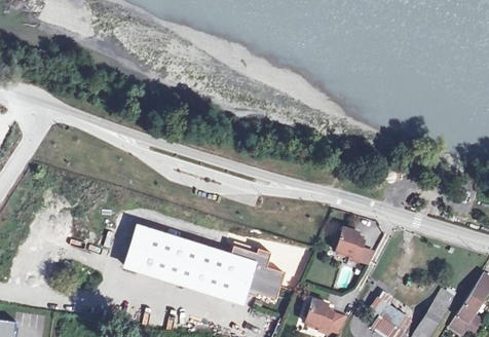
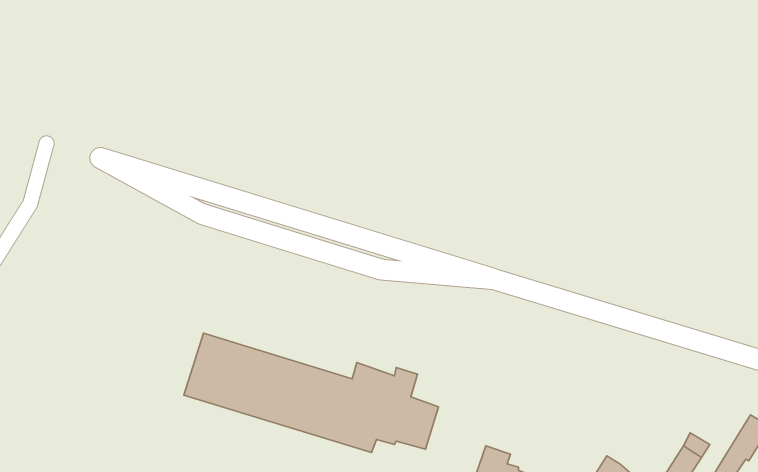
building: [336,226,364,260] -> none

